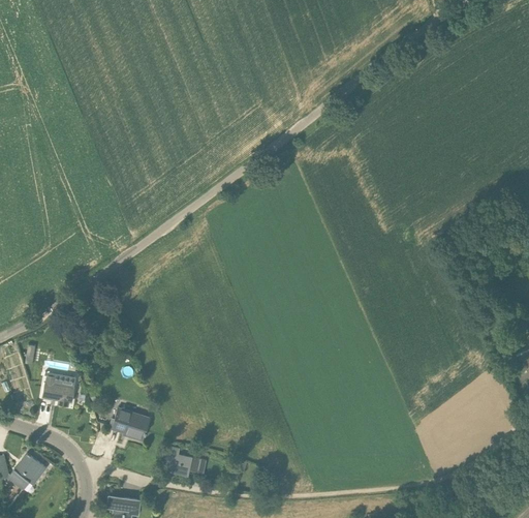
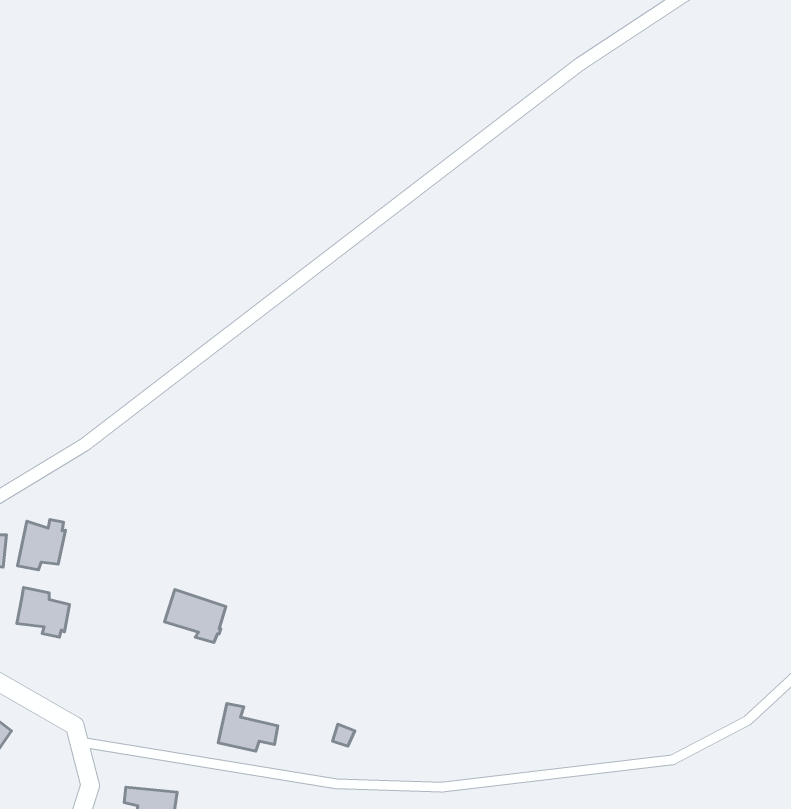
building: none -> [18,519,65,570]
building: [113,407,150,439] -> [164,589,226,642]

